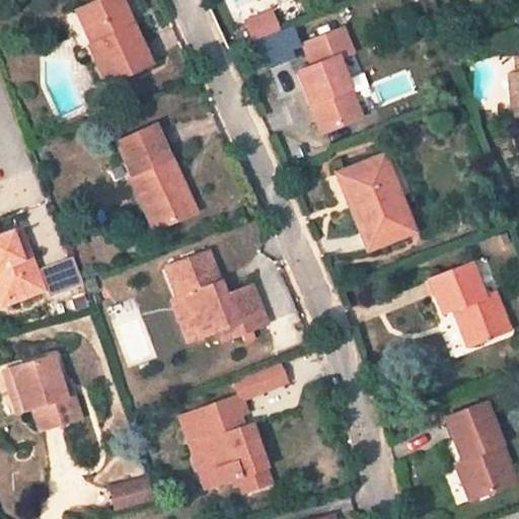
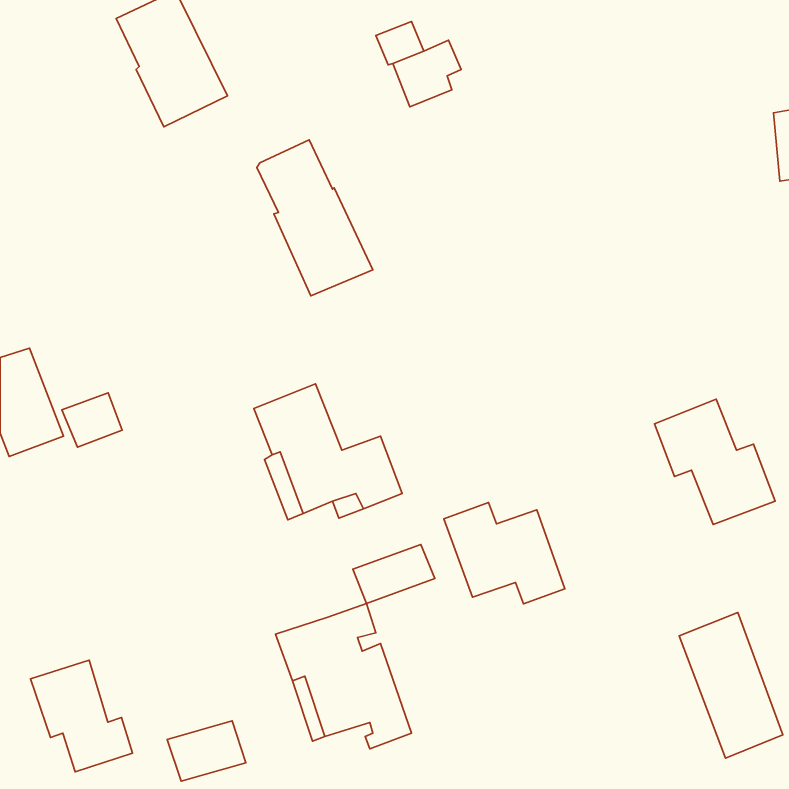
building: [298,26,359,130] -> none
building: [120,125,196,227] -> [257,140,373,296]
building: [338,155,412,247] -> none
building: none -> [444,502,565,604]
building: [13,356,80,429] -> [30,660,132,772]

